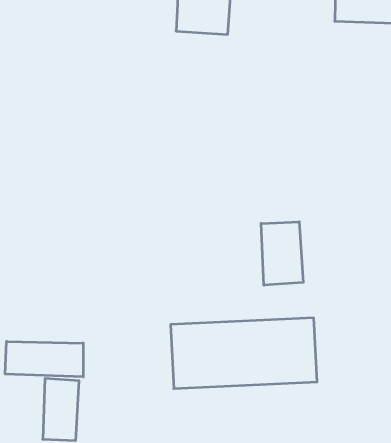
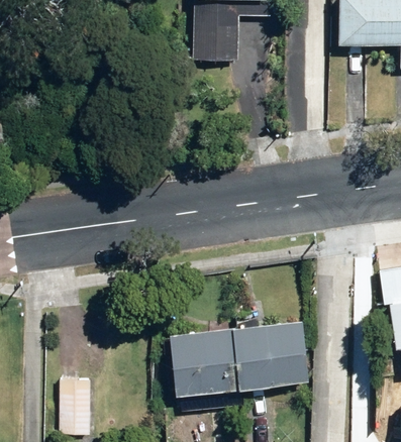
building: [261,222,303,285] -> none
building: [5,341,83,377] -> none

